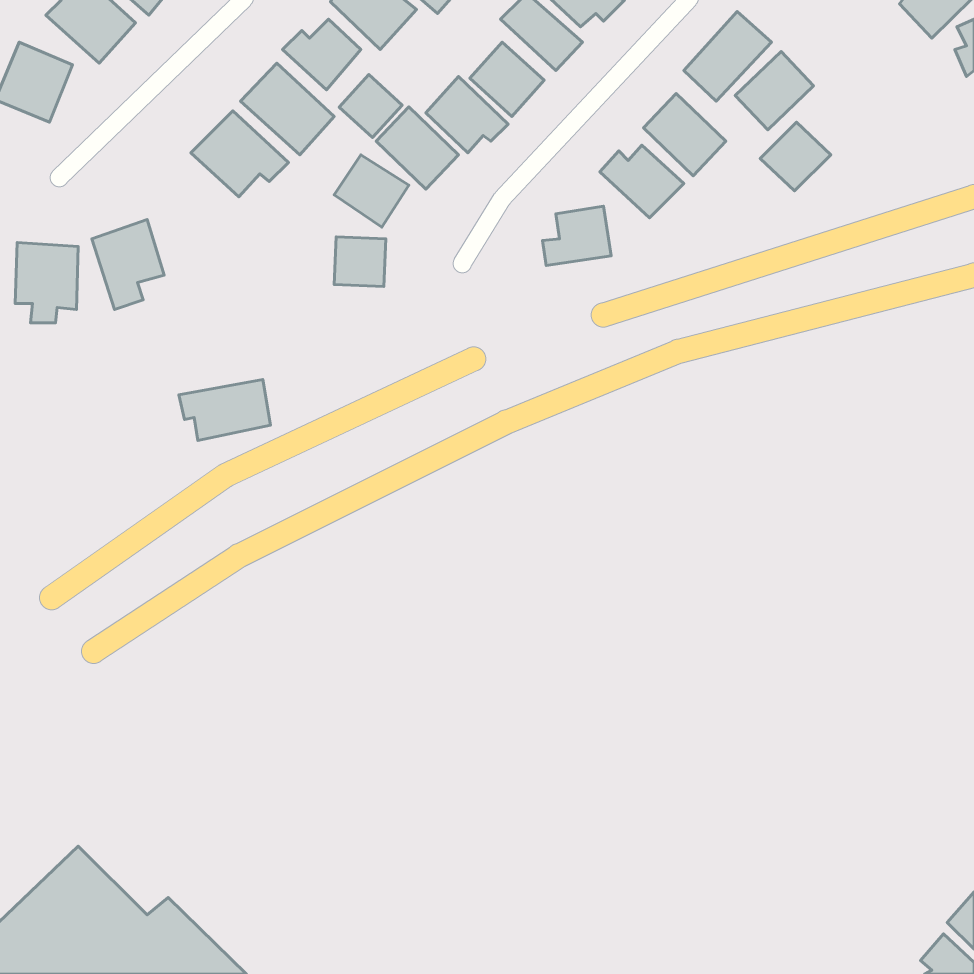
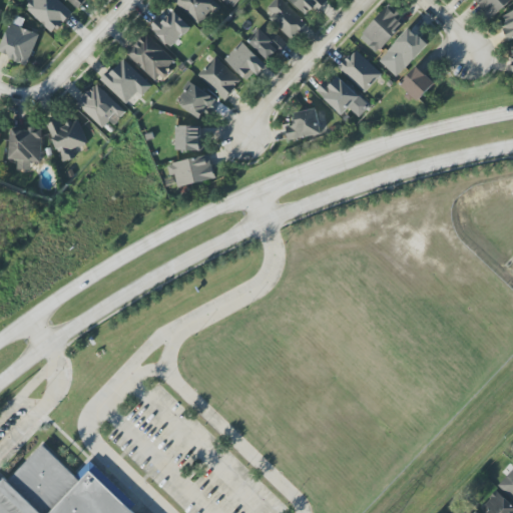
building: [339,74,402,138] -> none
building: none -> [76,83,125,128]
building: [179,379,271,441] -> [166,154,214,186]

